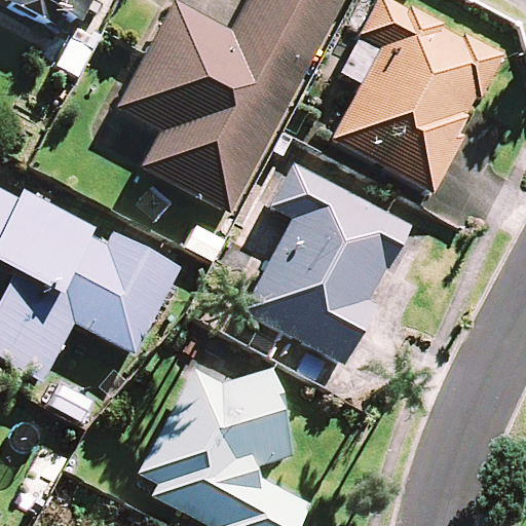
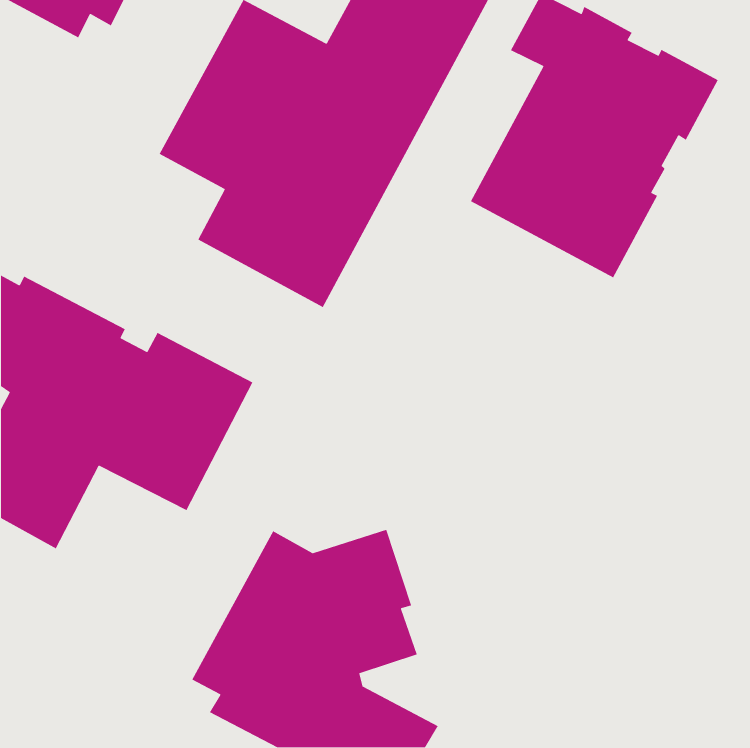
building: [241,161,412,364] -> none

